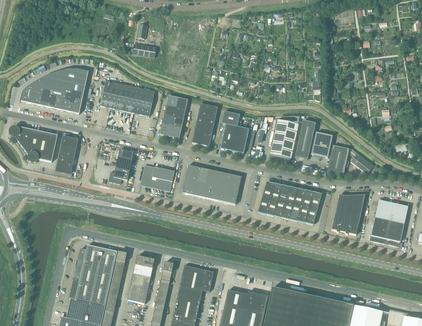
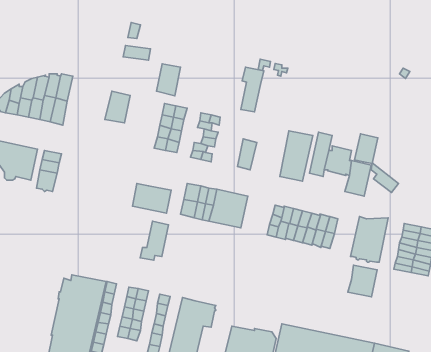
building: [100,79,122,108] -> none
building: [133,87,154,115] -> [157,64,181,96]
building: [220,110,240,149] -> [241,67,264,112]
building: none -> [355,134,378,164]
building: [108,148,133,182] -> [140,221,169,260]
building: none -> [348,265,377,297]

